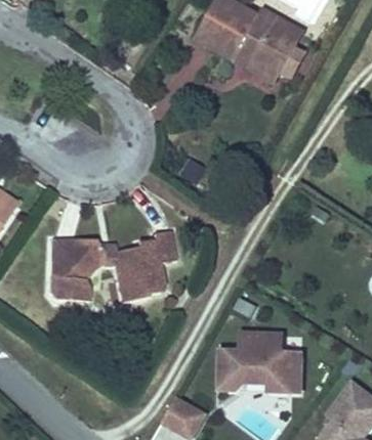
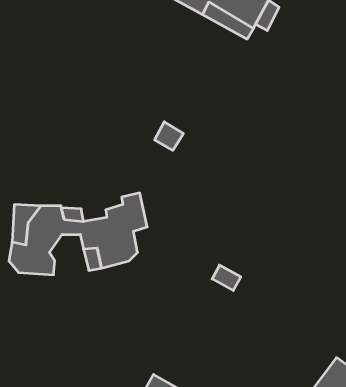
building: [222,336,304,395] -> none

